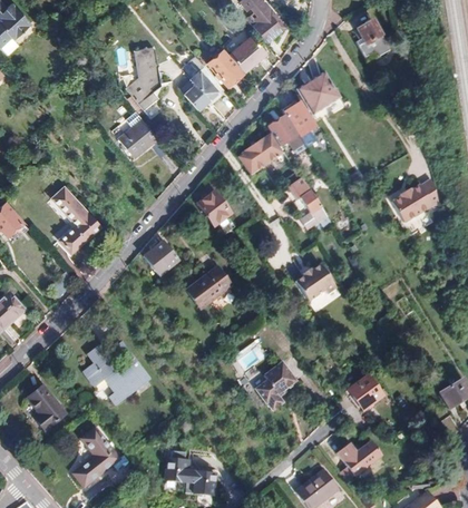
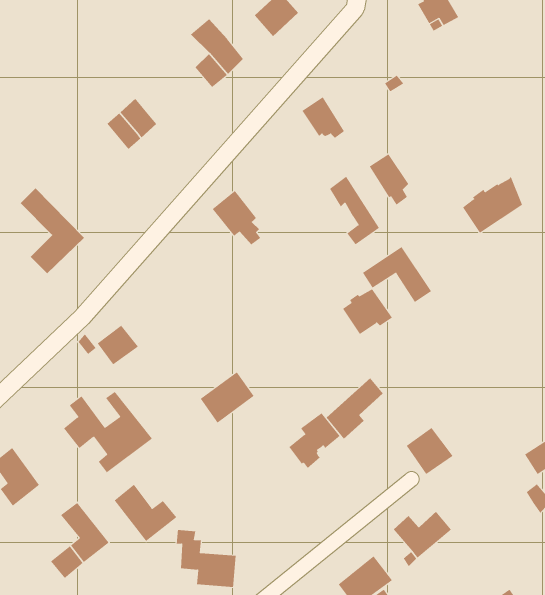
building: [124,47,155,104] -> none
building: [207,48,243,86] -> none
building: [299,72,341,114] -> none
building: [283,99,314,139] -> [369,154,409,205]
building: [238,134,283,175] -> none
building: none -> [362,246,432,303]
building: [144,245,176,276] -> [97,325,139,365]
building: [189,266,232,306] -> [200,371,255,423]
building: none -> [326,378,383,439]
building: none -> [114,484,177,542]

